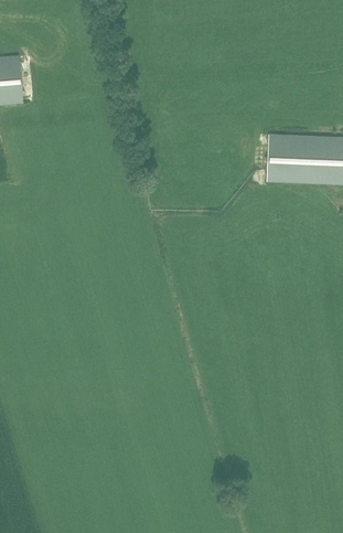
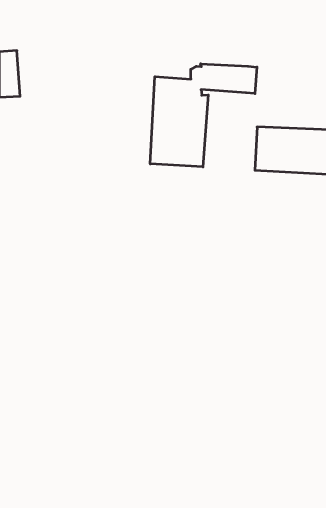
building: none -> [150,64,257,167]

